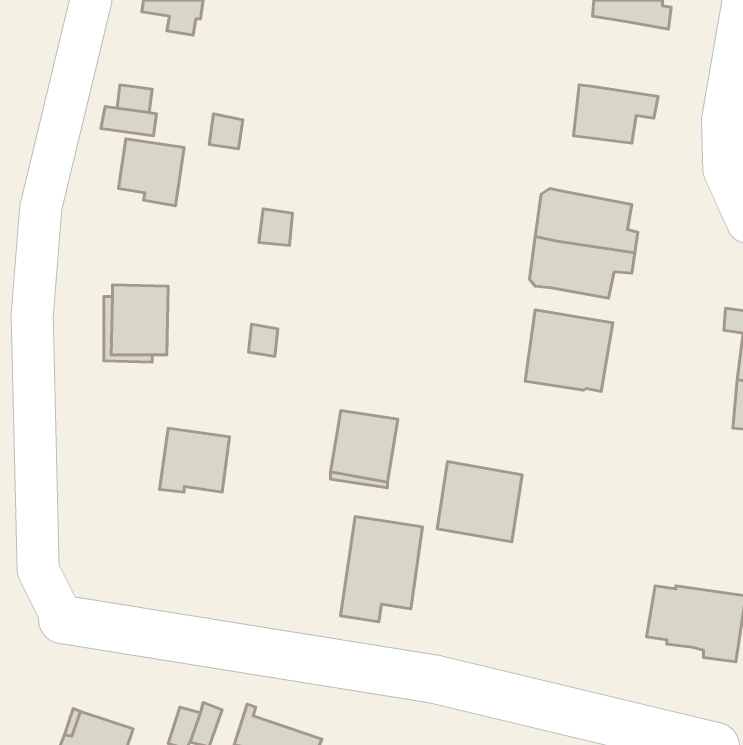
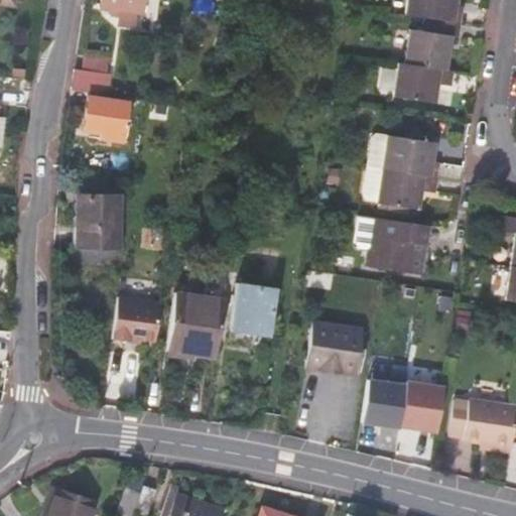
building: none -> [410,16,464,67]
building: [341,517,423,622] -> [167,293,224,366]
building: none -> [364,374,447,433]

